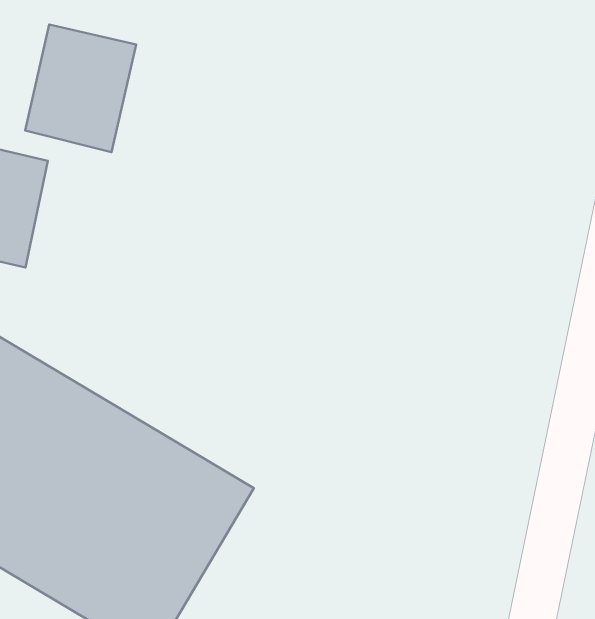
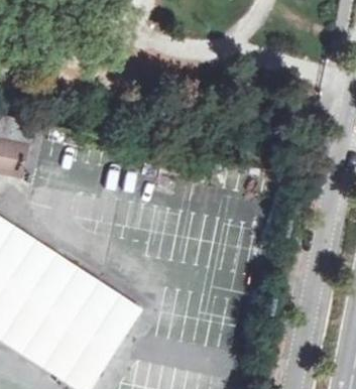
building: [25,24,136,152] -> none

